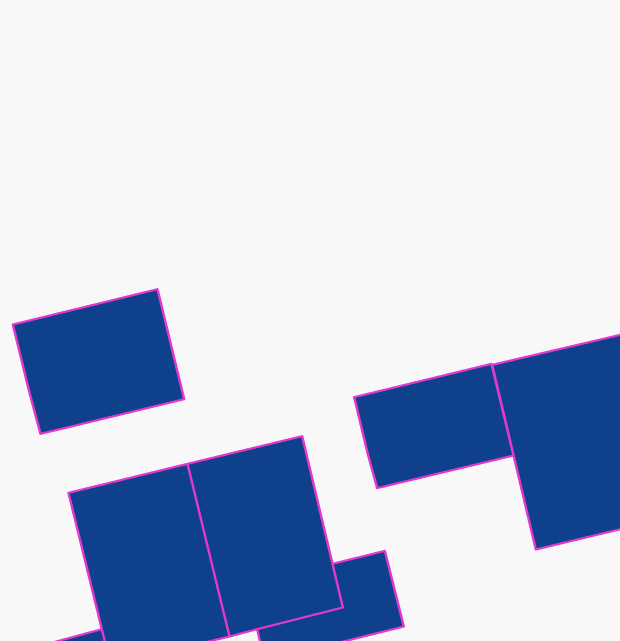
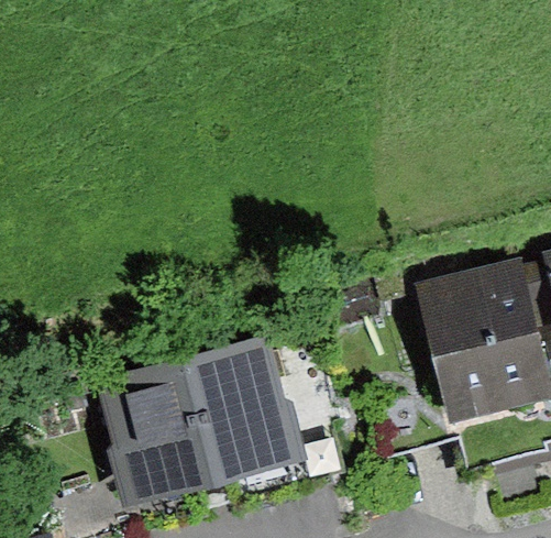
building: [13,289,184,434] -> none
building: [354,364,514,488] -> none

